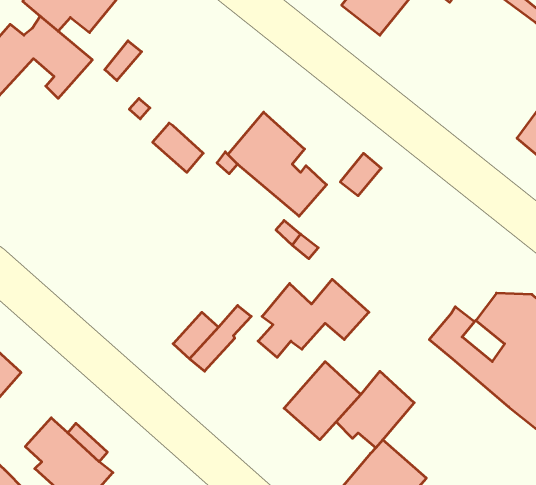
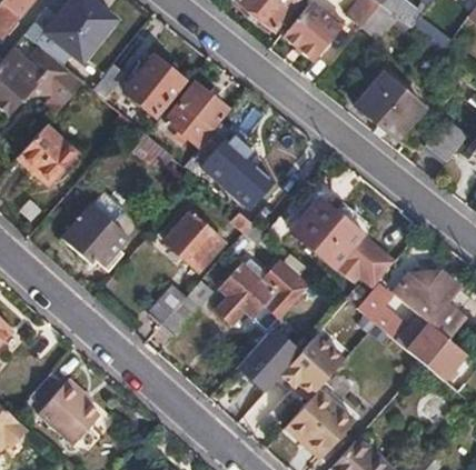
building: none -> [126,54,185,116]
building: none -> [358,74,423,137]
building: none -> [168,83,229,146]
building: none -> [16,124,76,184]
building: none -> [289,198,395,287]
building: none -> [65,210,132,268]
building: none -> [166,212,224,270]

